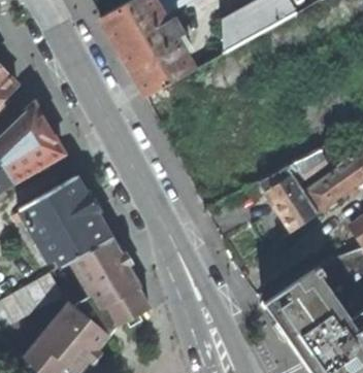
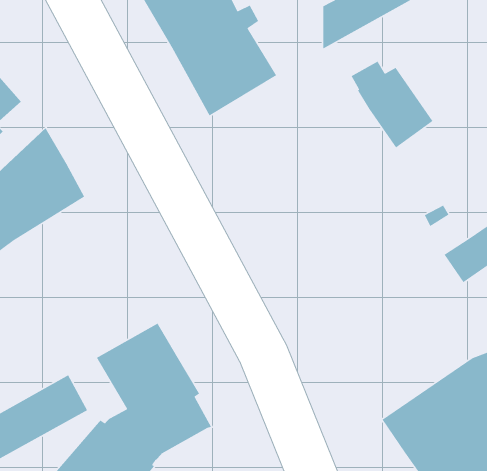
building: [261,171,318,231] -> [350,61,434,149]
building: [18,176,111,266] -> none

